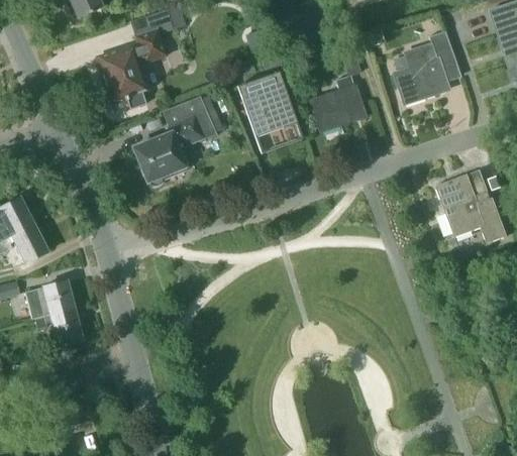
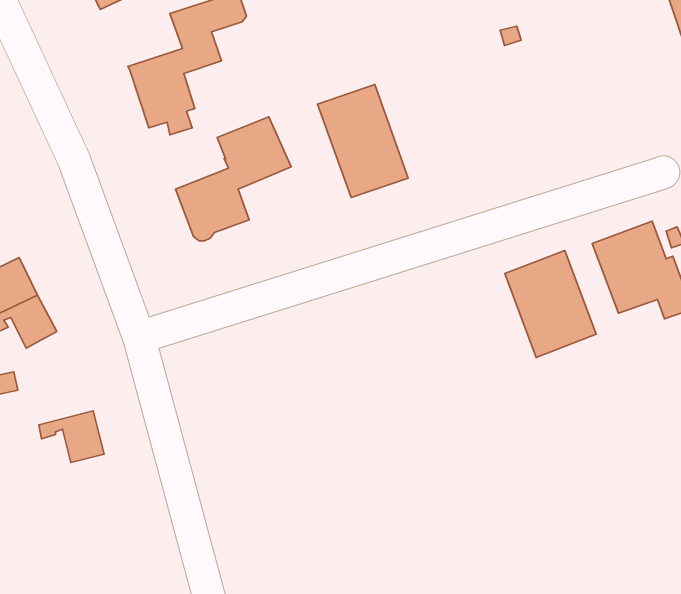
building: [393,29,459,102] -> none
building: [311,49,365,129] -> none
building: none -> [505,250,596,357]
building: [27,280,74,318] -> none

